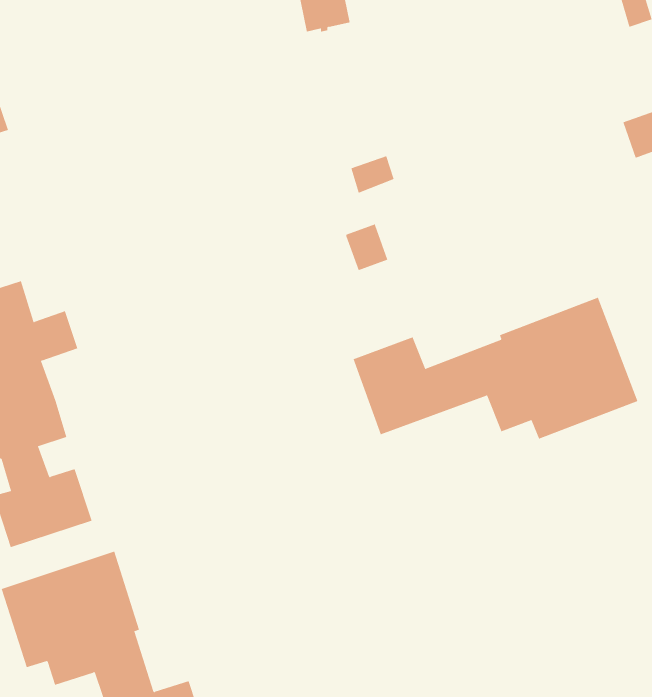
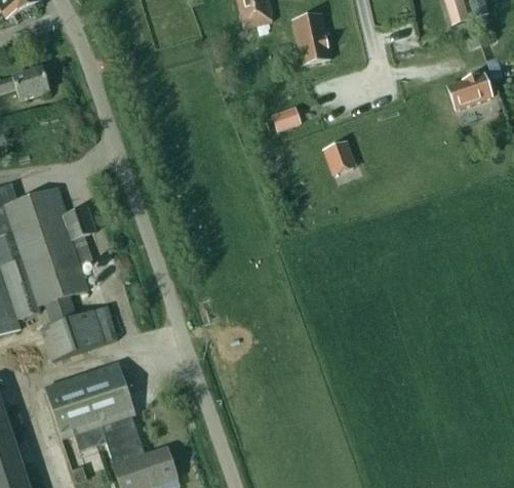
building: none -> [290,14,330,64]
building: [346,224,388,271] -> [324,140,352,171]
building: [353,297,638,439] -> none

